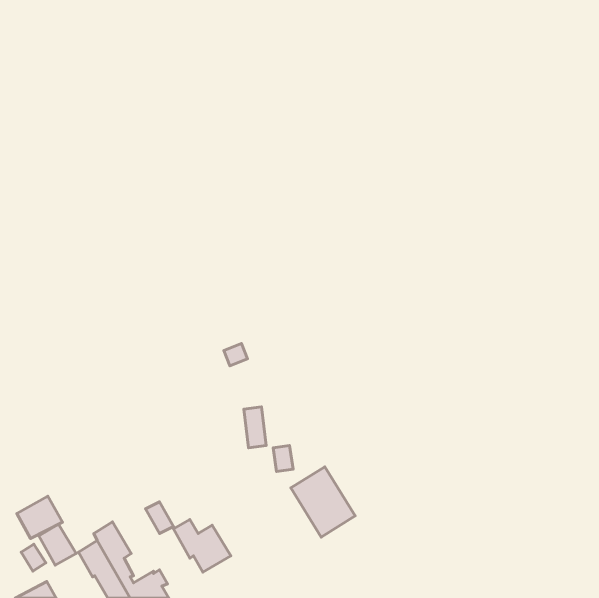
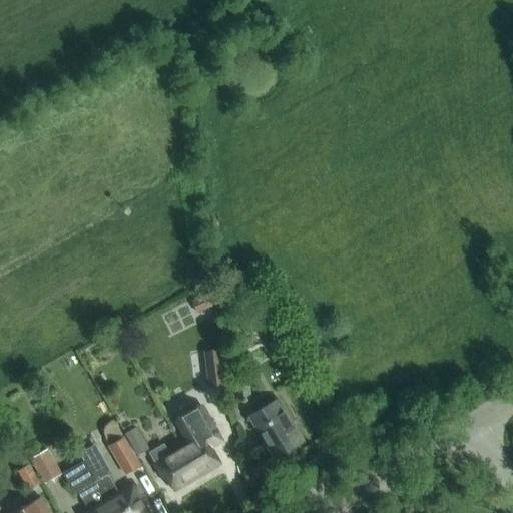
building: none -> [177,408,218,475]
building: [17,496,62,539] -> none
building: none -> [108,438,141,476]

